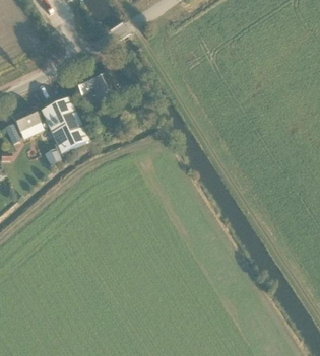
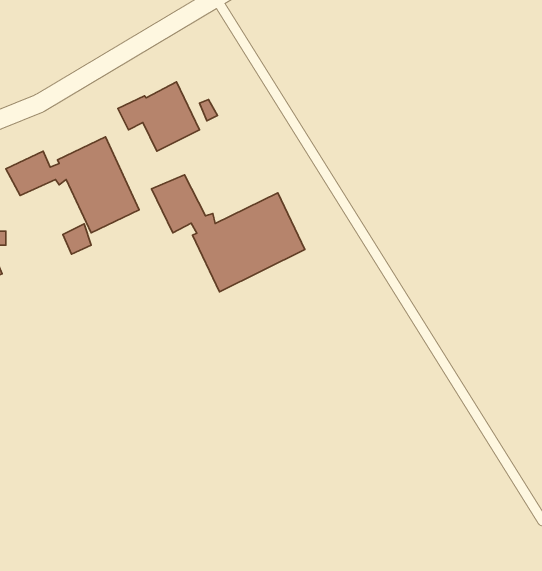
building: none -> [152,175,305,292]

